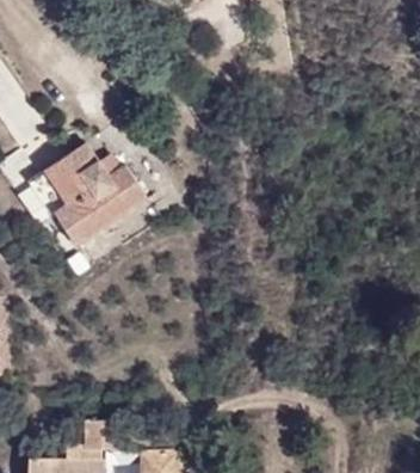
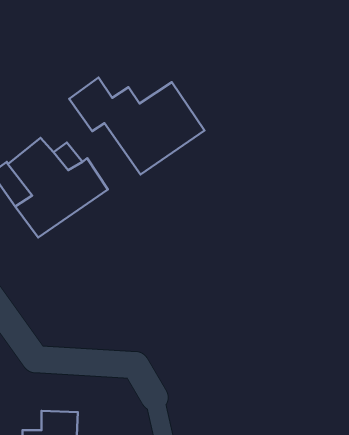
building: none -> [69,77,204,175]

